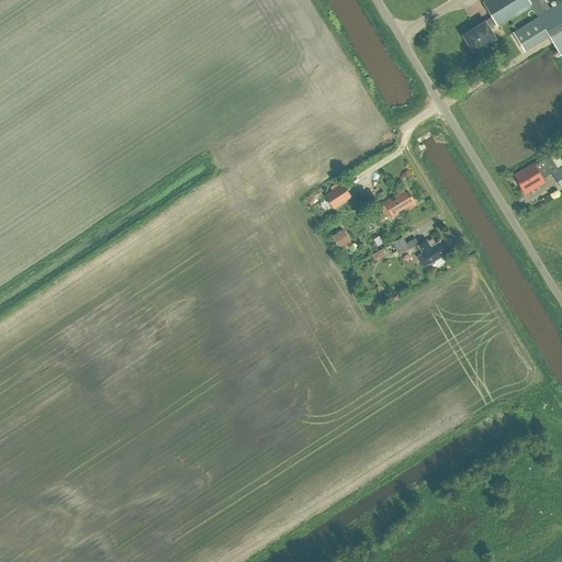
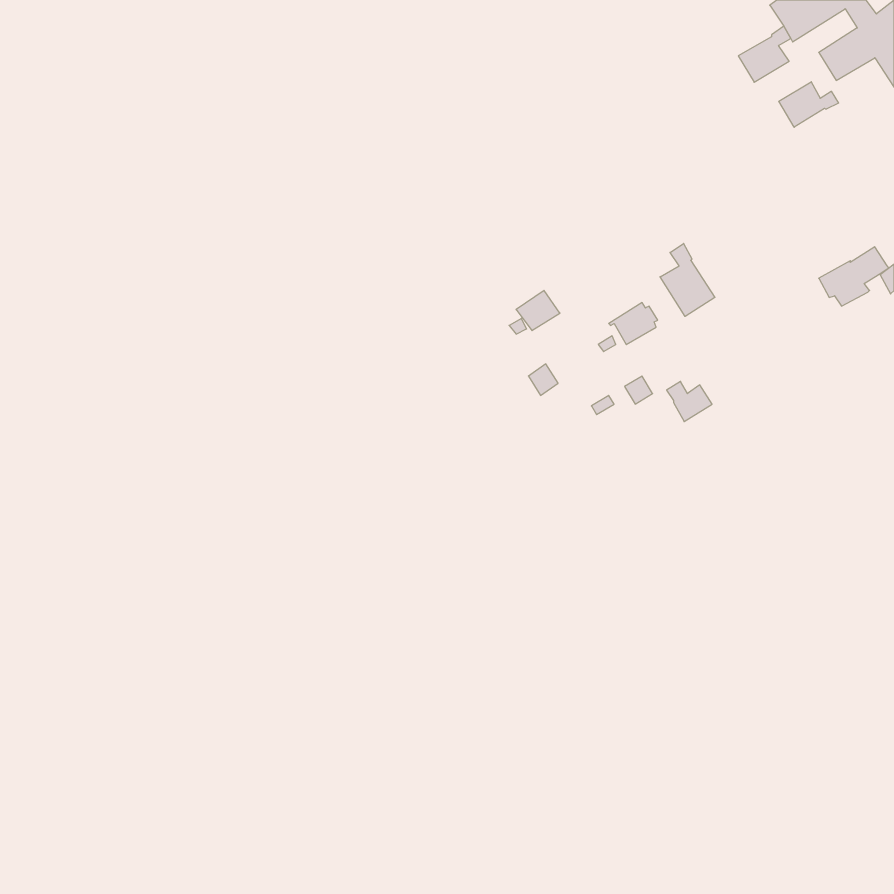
building: none -> [779,82,839,127]
building: none -> [660,243,715,316]

